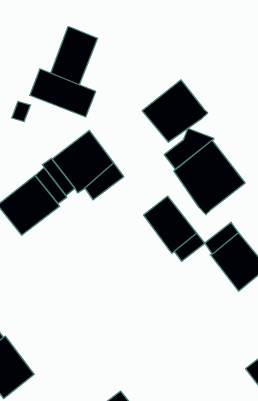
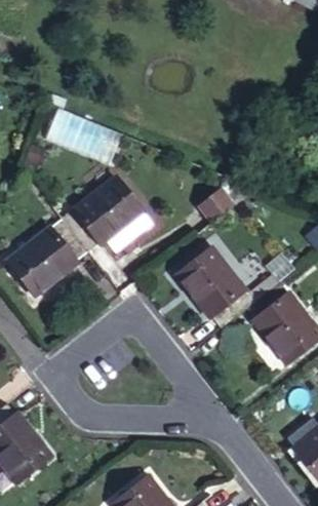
building: [51,27,97,85] -> none
building: [142,80,208,142] -> none
building: [174,140,245,215] -> none

